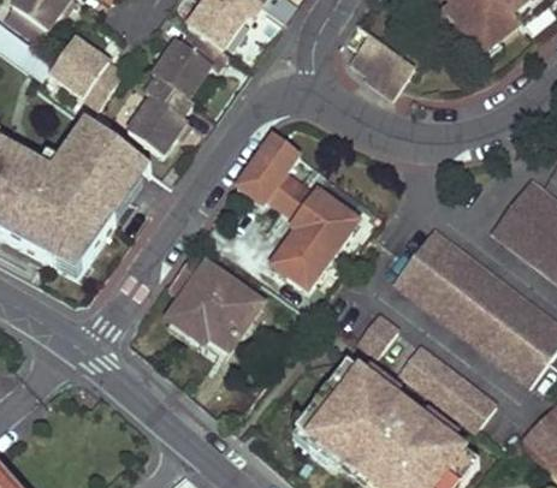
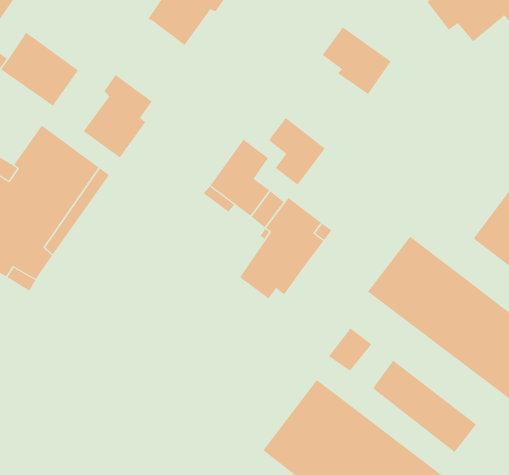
building: [153,25,227,97] -> none
building: none -> [268,117,326,185]
building: [168,252,262,347] -> none

